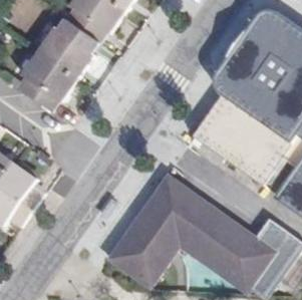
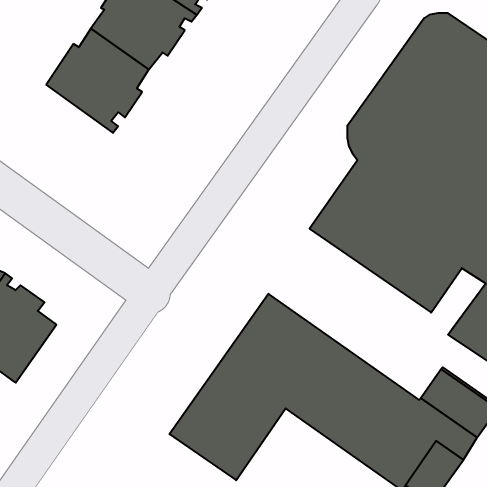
building: [14,51,75,111] -> none

